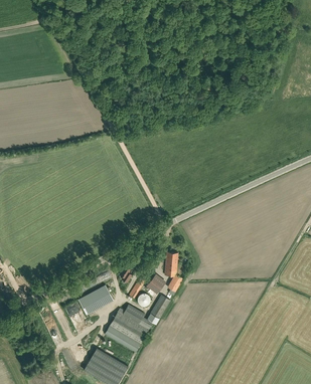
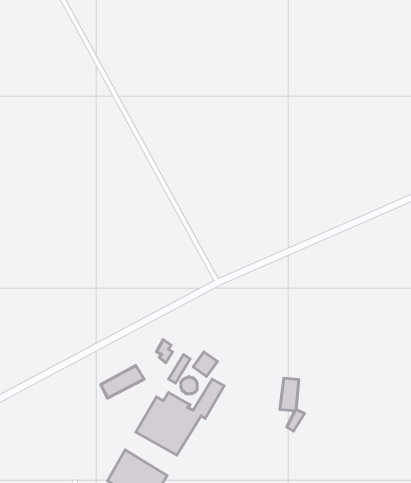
building: [163,251,181,291] -> [280,378,304,431]

